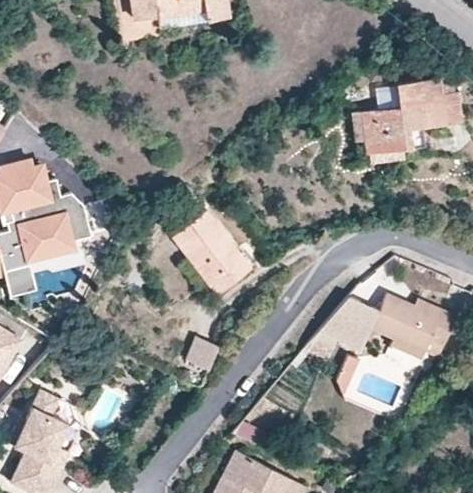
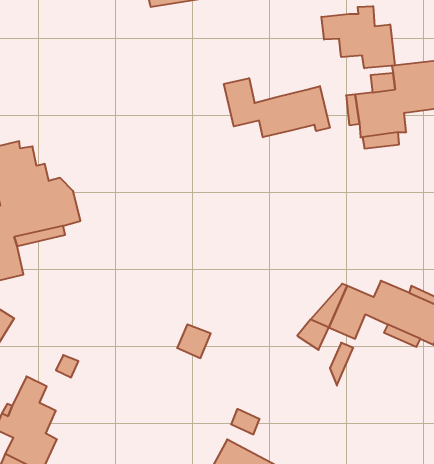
building: none -> [321,6,395,68]
building: none -> [224,78,330,137]
building: [172,211,251,295] -> none

